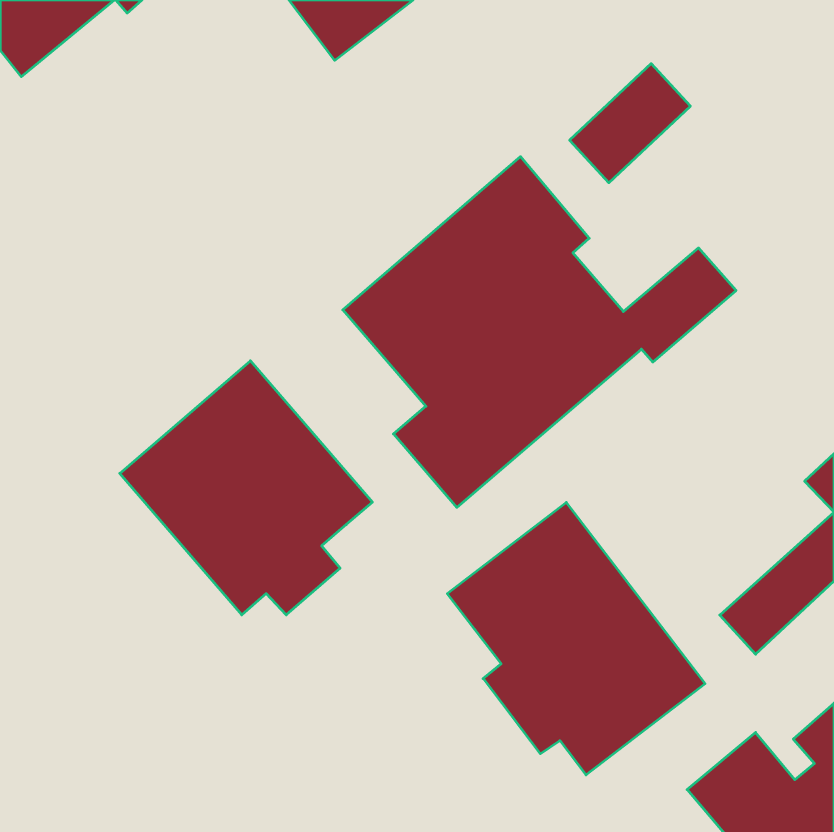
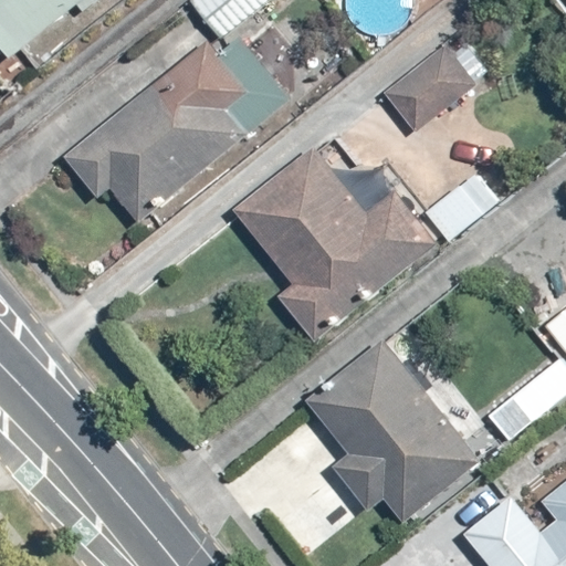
building: none -> [66,40,256,222]
building: [120,361,372,615] -> none

